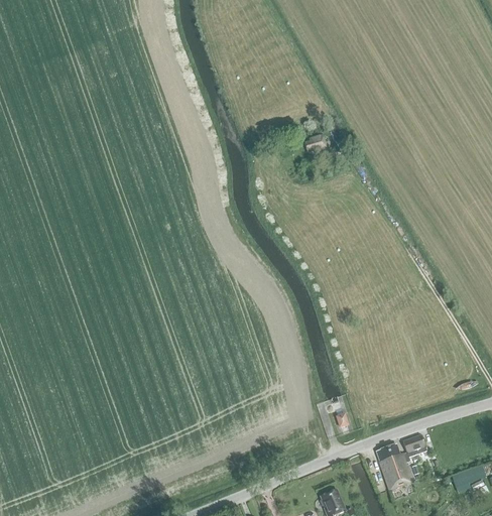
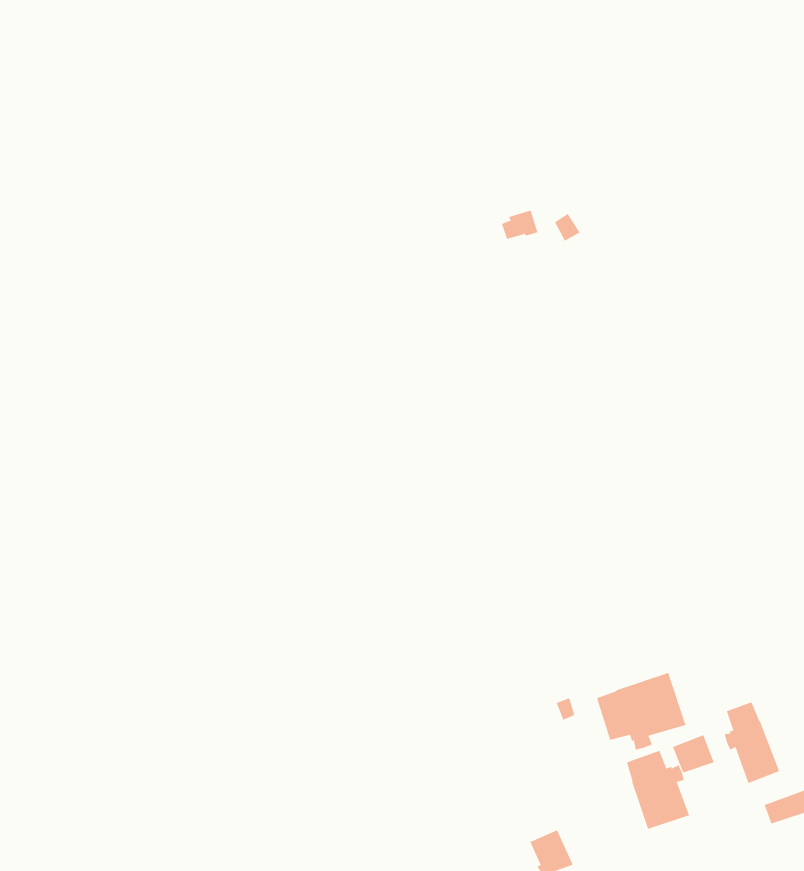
building: none -> [597,672,686,750]
building: none -> [724,702,780,784]

